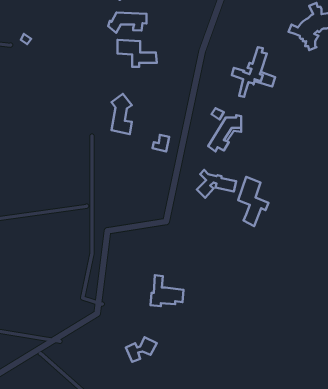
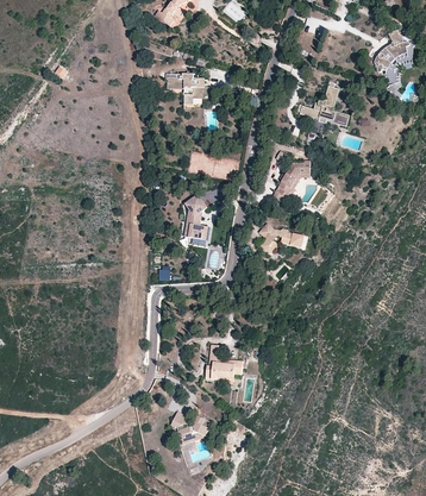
building: [108,13,147,33] -> none
building: [111,94,132,134] -> [183,194,207,240]
building: [238,177,269,226] -> none

